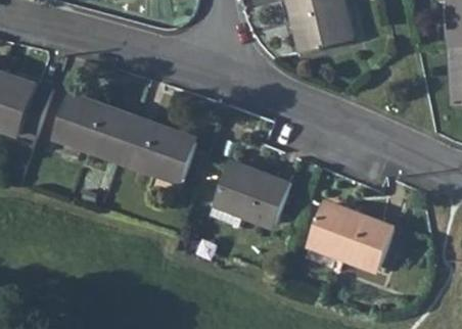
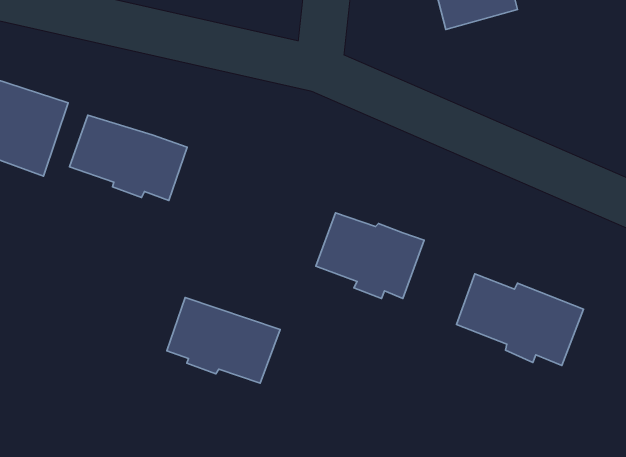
building: [117,120,192,177] -> [167,297,280,383]

